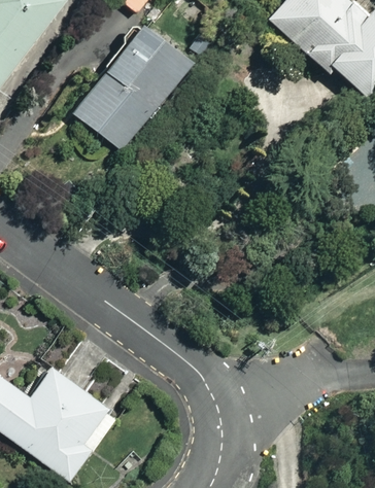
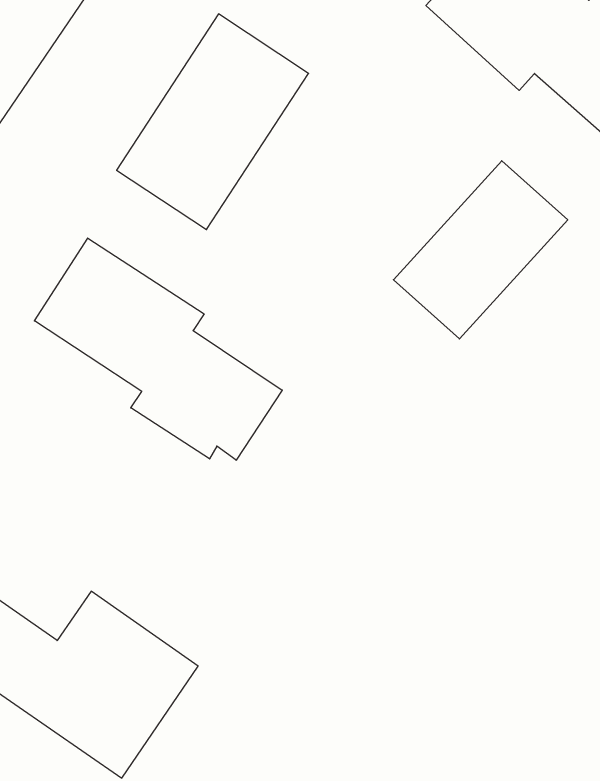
building: none -> [393,161,568,339]
building: none -> [34,238,282,460]

